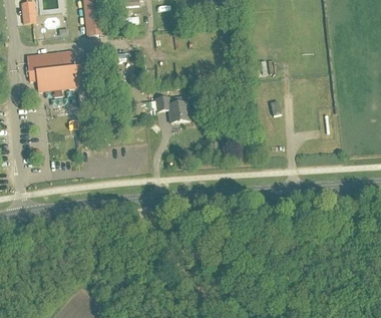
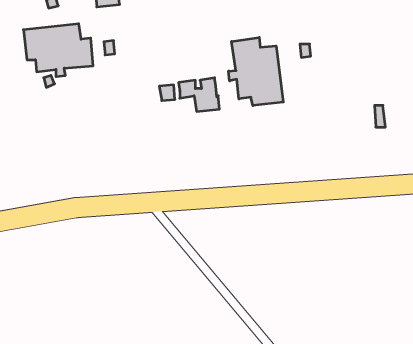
building: none -> [229,37,283,106]

